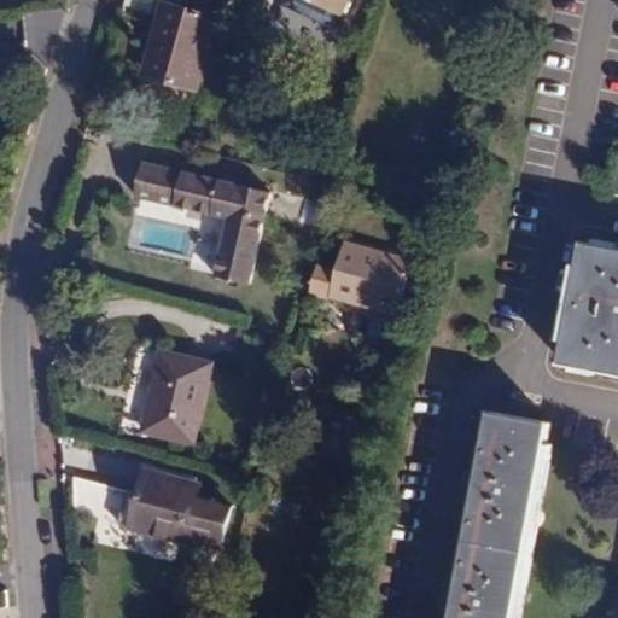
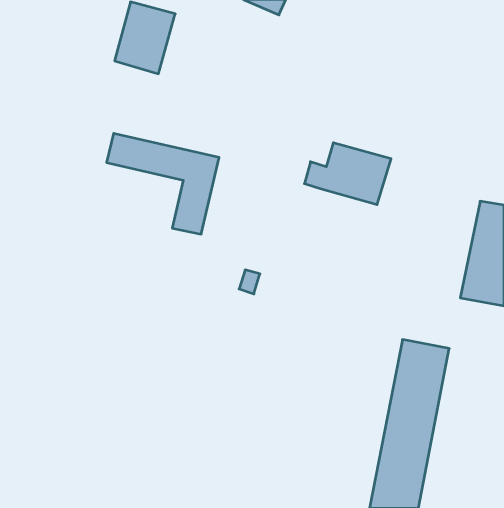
building: [304,240,409,315] -> [304,143,391,205]
building: [138,351,208,442] -> none
building: [69,472,229,550] -> none

